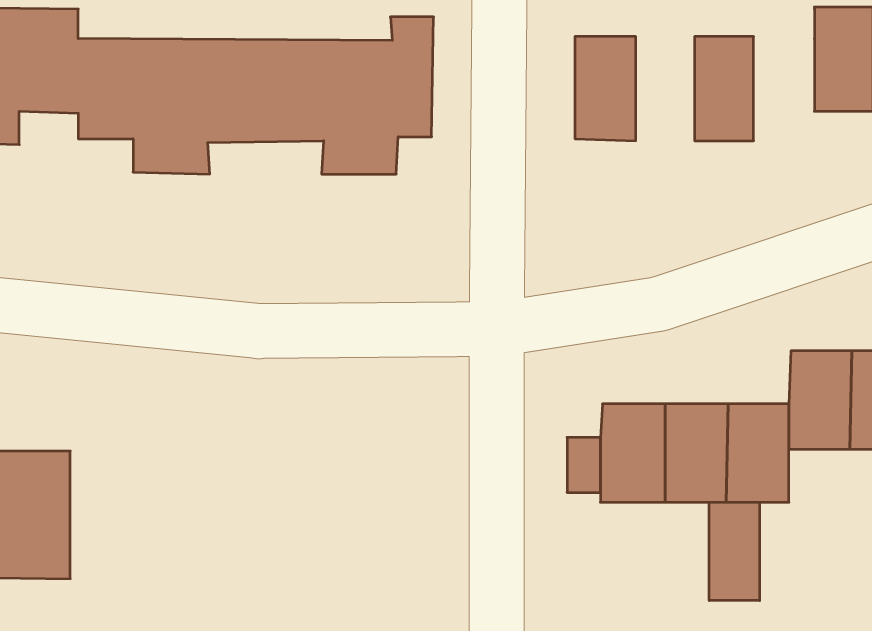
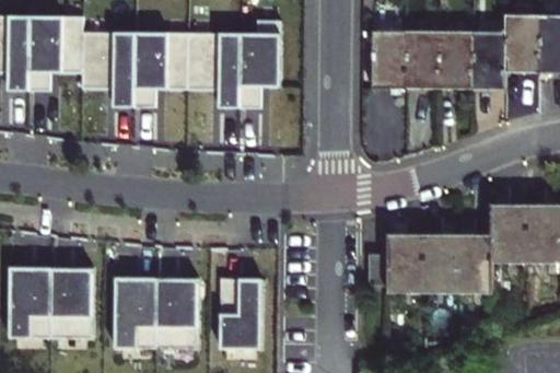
building: none -> [406,32,439,90]
building: none -> [471,32,505,90]
building: none -> [113,269,196,340]
building: none -> [221,269,262,340]
building: [709,502,760,601] -> none

